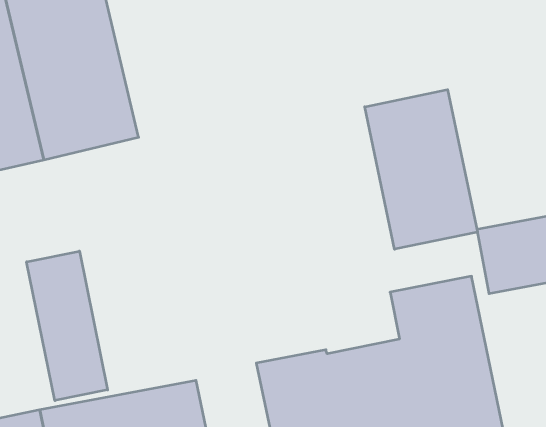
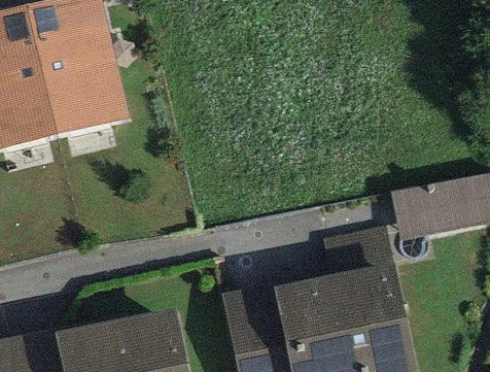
building: [365,90,477,249] -> none
building: [27,251,108,401] -> none

